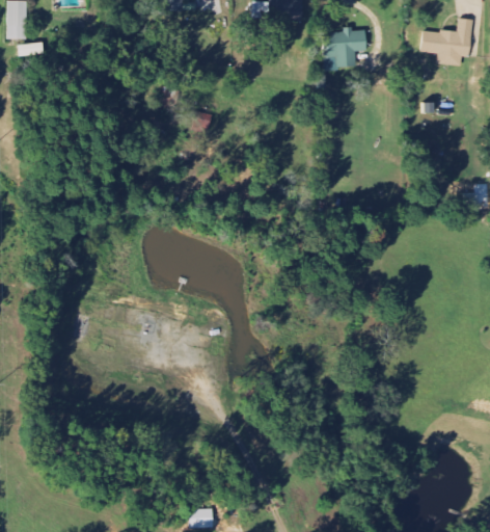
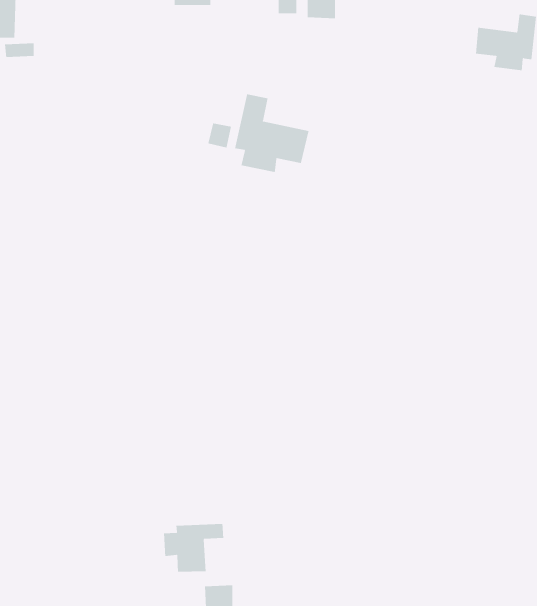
building: [322,30,366,68] -> none
building: none -> [234,94,309,173]
building: none -> [163,523,224,572]

